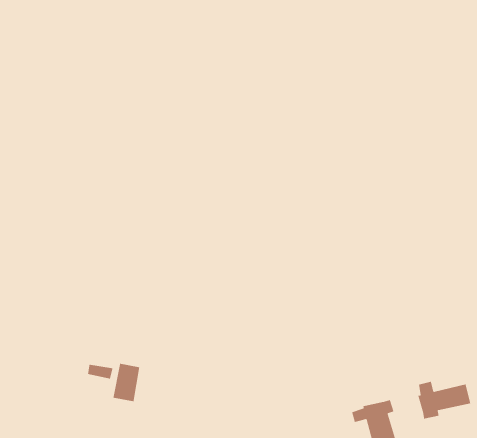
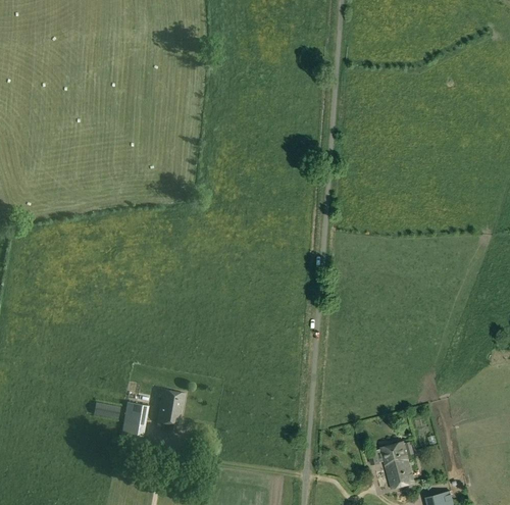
building: none -> [156,390,184,425]
building: [417,381,471,419] -> none

